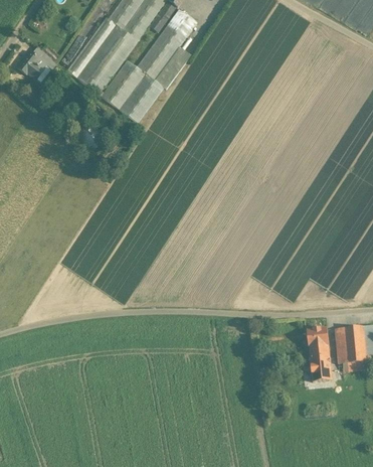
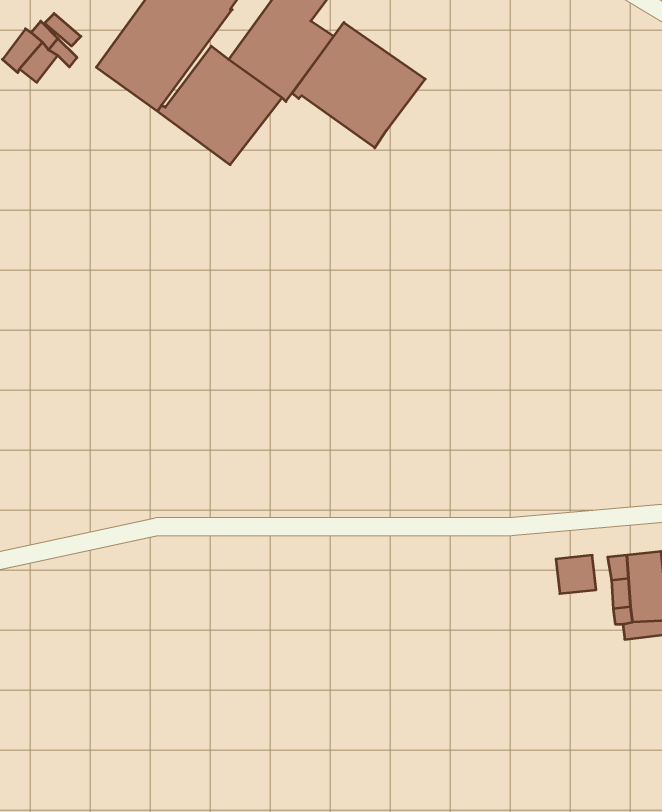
building: none -> [292,22,425,148]
building: [310,345,332,381] -> none

